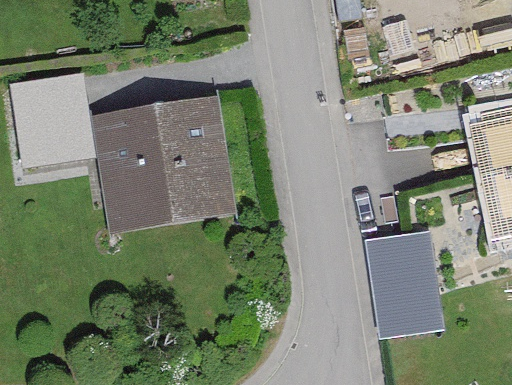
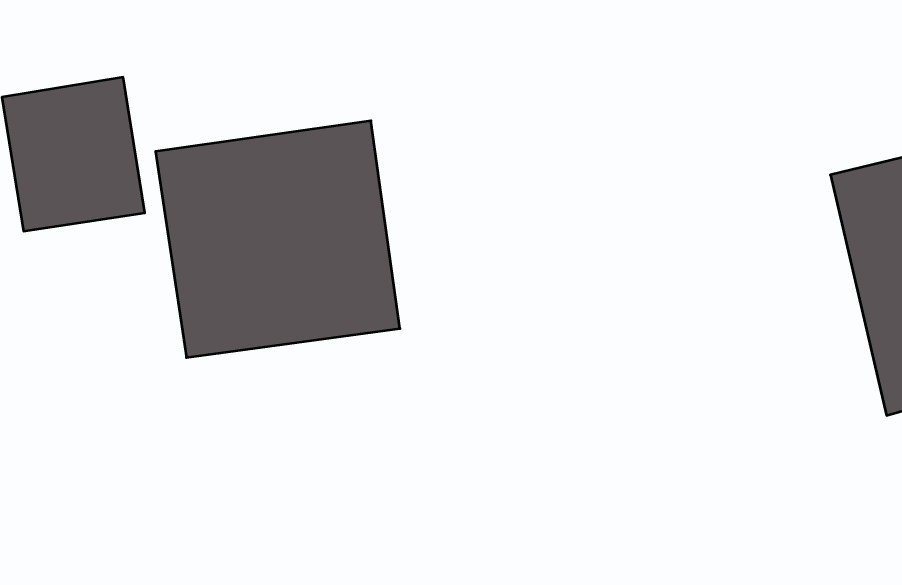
building: [369,216,449,326] -> none

